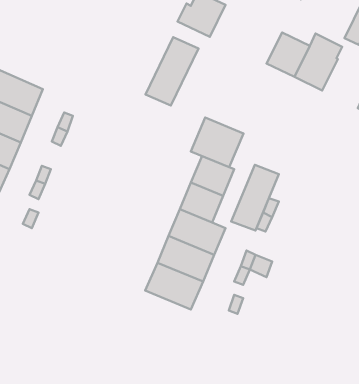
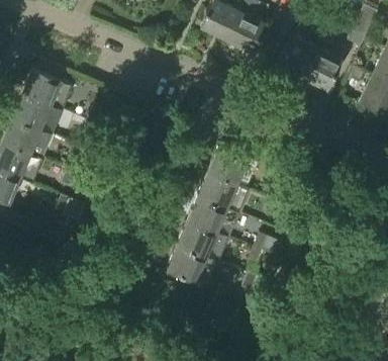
building: none -> [224,10,268,53]
building: [146,37,199,106] -> none
building: [191,118,243,167] -> none
building: [231,165,279,231] -> none

